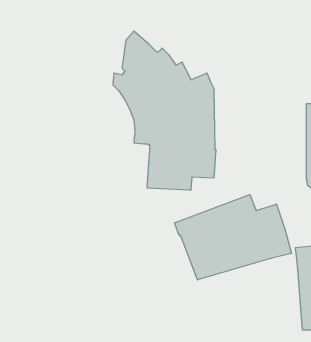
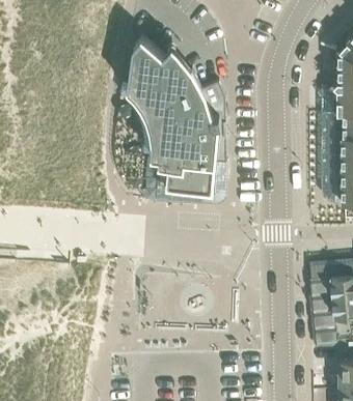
building: [174,195,291,280] -> none

